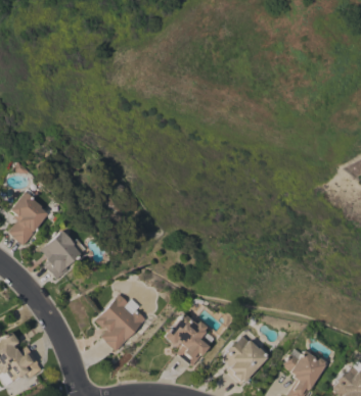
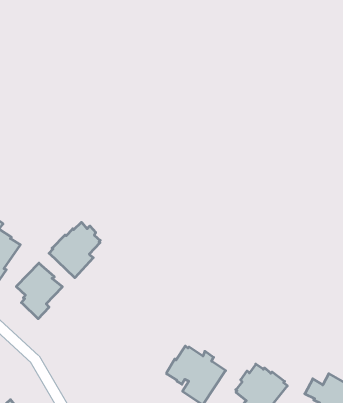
building: none -> [49,222,100,278]
building: [95,293,146,351] -> none

